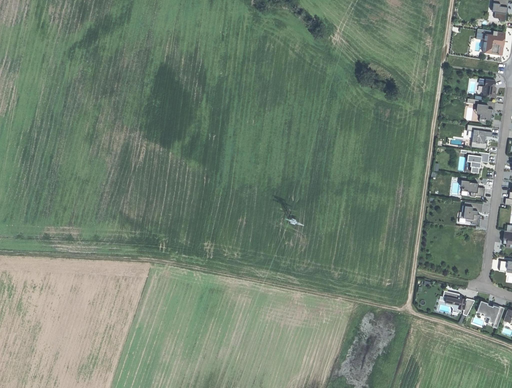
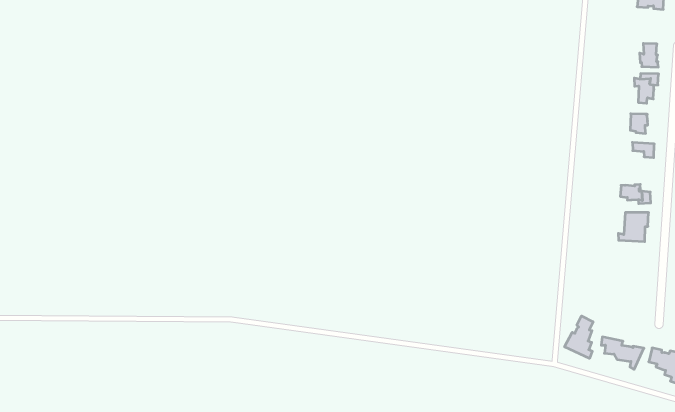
building: none -> [565,316,593,358]

